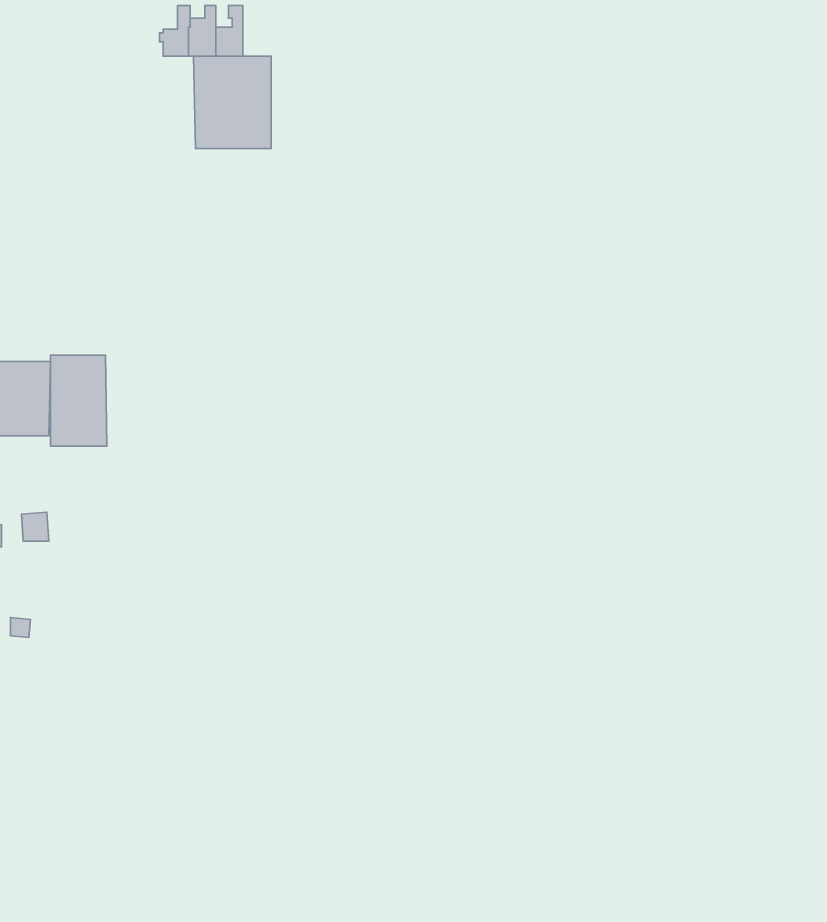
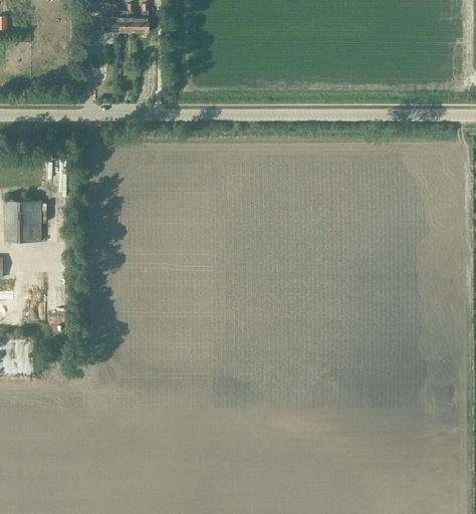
building: [193,56,271,148] -> none
building: [50,355,107,446] -> none

